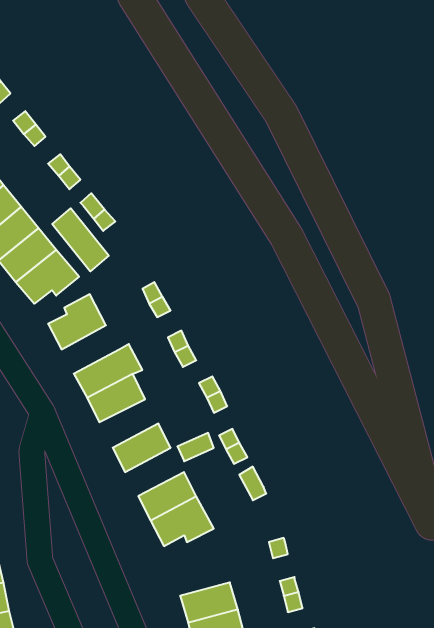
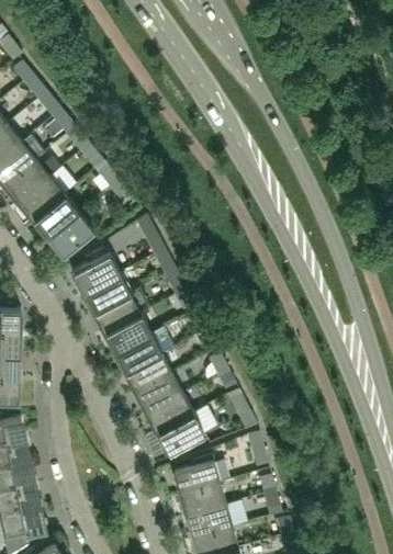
building: [52,208,109,271] -> none
building: none -> [82,272,130,312]
building: none -> [113,332,161,372]
building: none -> [134,372,182,411]
building: none -> [173,454,220,493]

